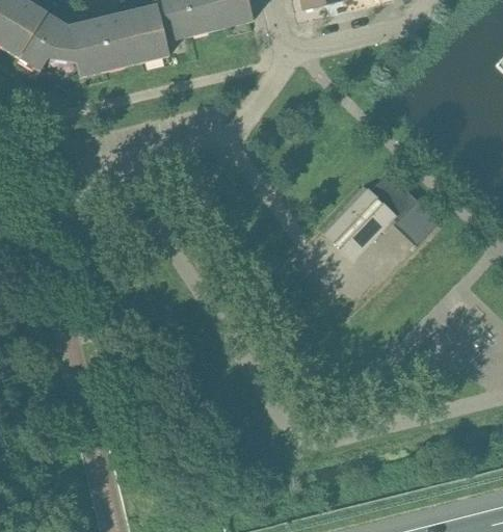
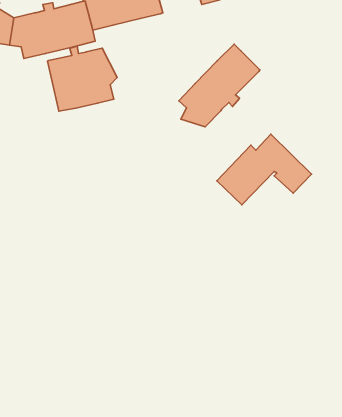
building: none -> [179,44,260,127]
building: none -> [48,46,117,111]

